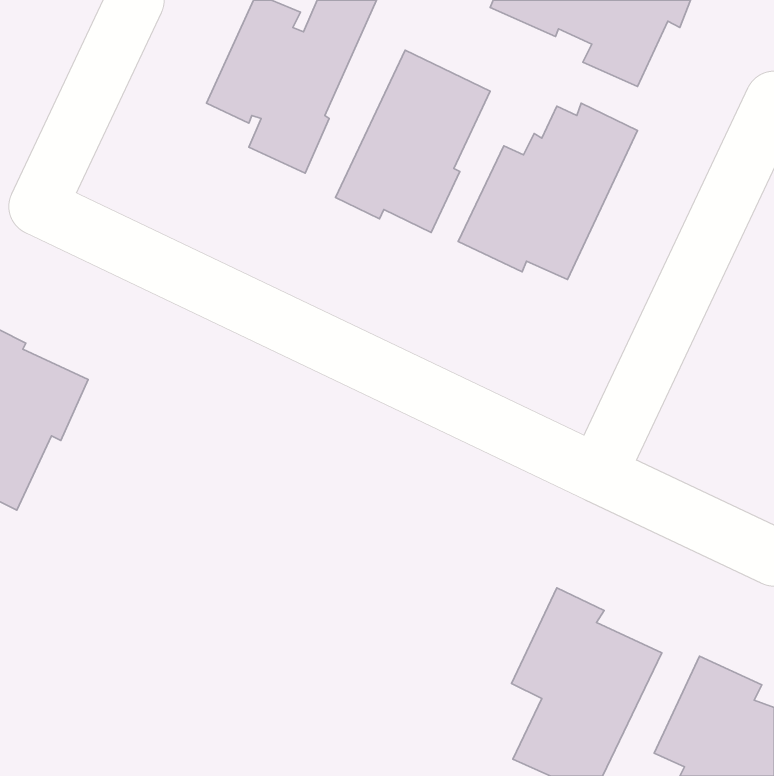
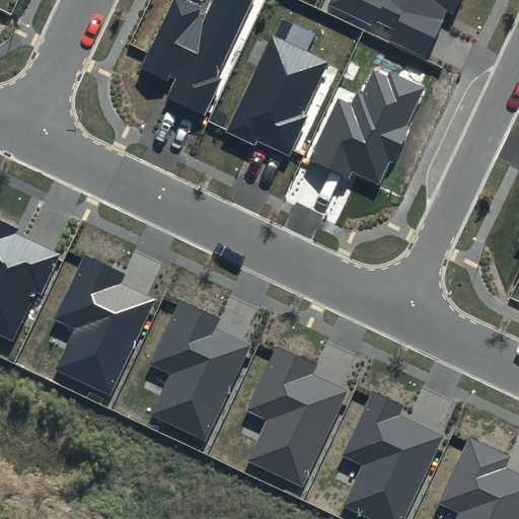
building: none -> [53,254,154,395]
building: none -> [148,300,249,440]
building: none -> [245,346,346,487]

